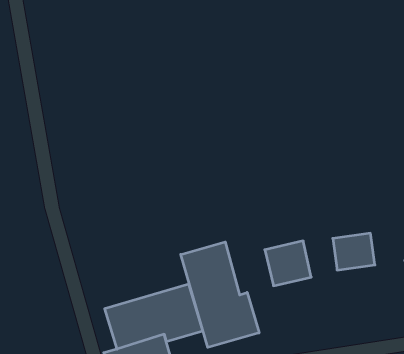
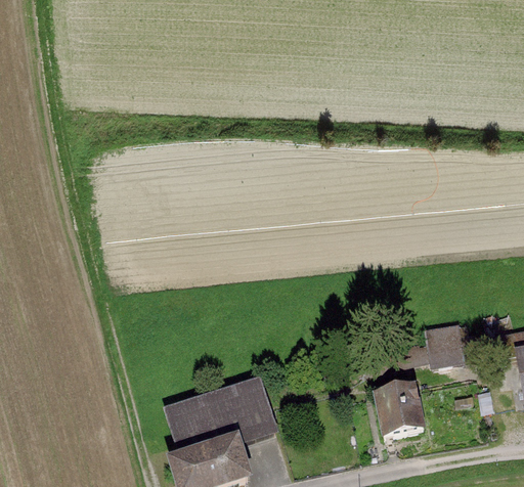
building: [265,241,311,286] -> [370,383,425,435]
building: [181,242,259,347] -> none

